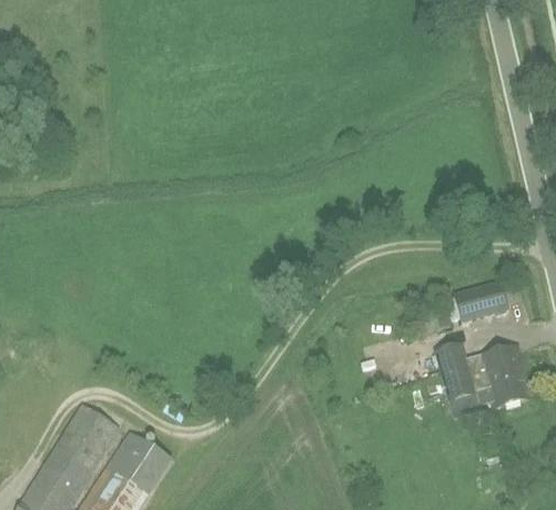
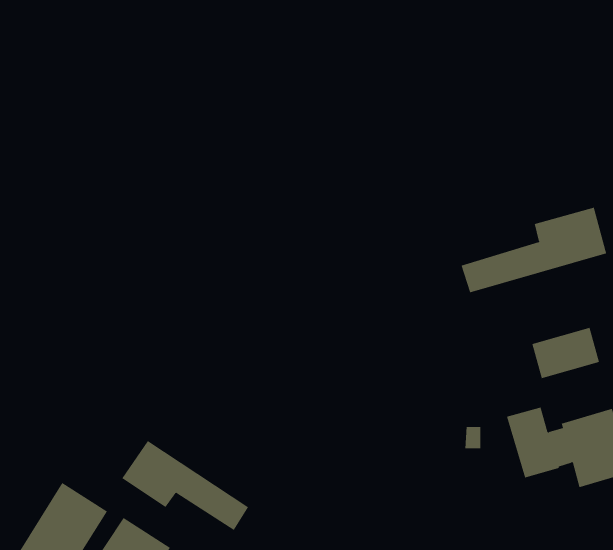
building: none -> [461,207,607,293]
building: none -> [122,440,249,531]

